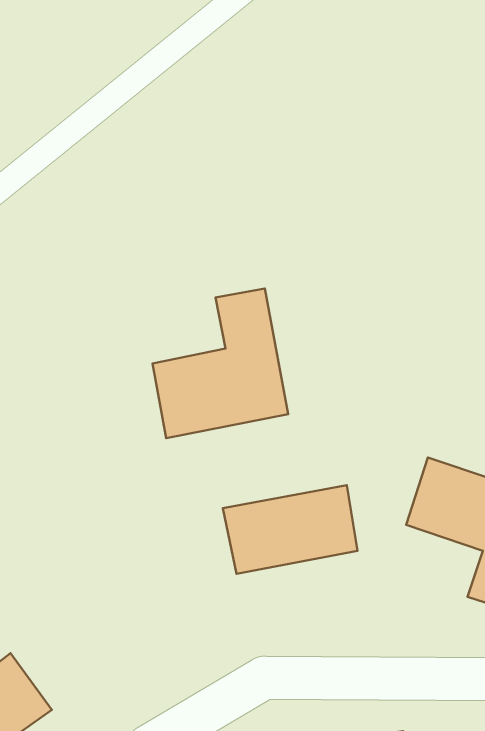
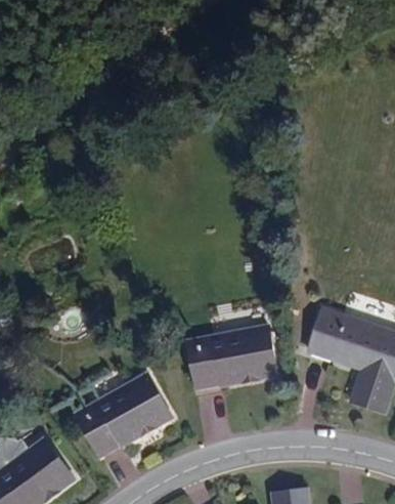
building: [153,288,288,438] -> none
building: none -> [77,375,170,455]

